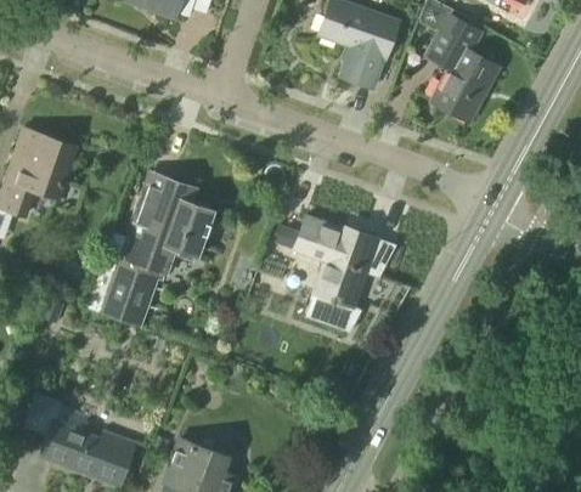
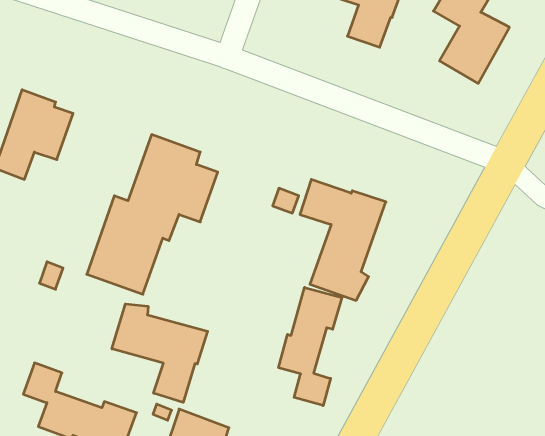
building: none -> [279,287,342,406]
building: none -> [112,304,208,402]

